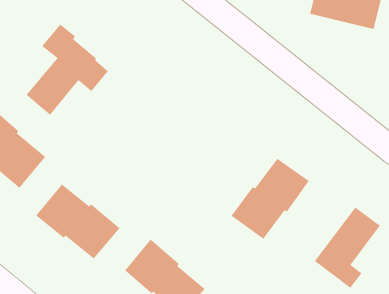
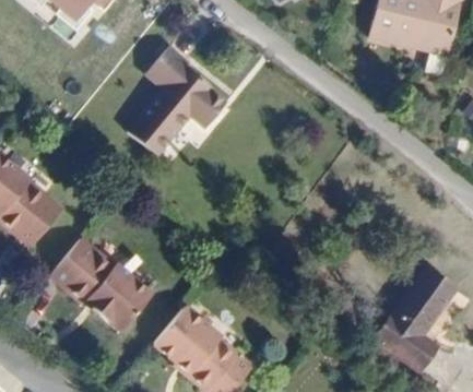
building: [25,23,109,116] -> [125,45,224,155]
building: [230,158,310,240] -> none

